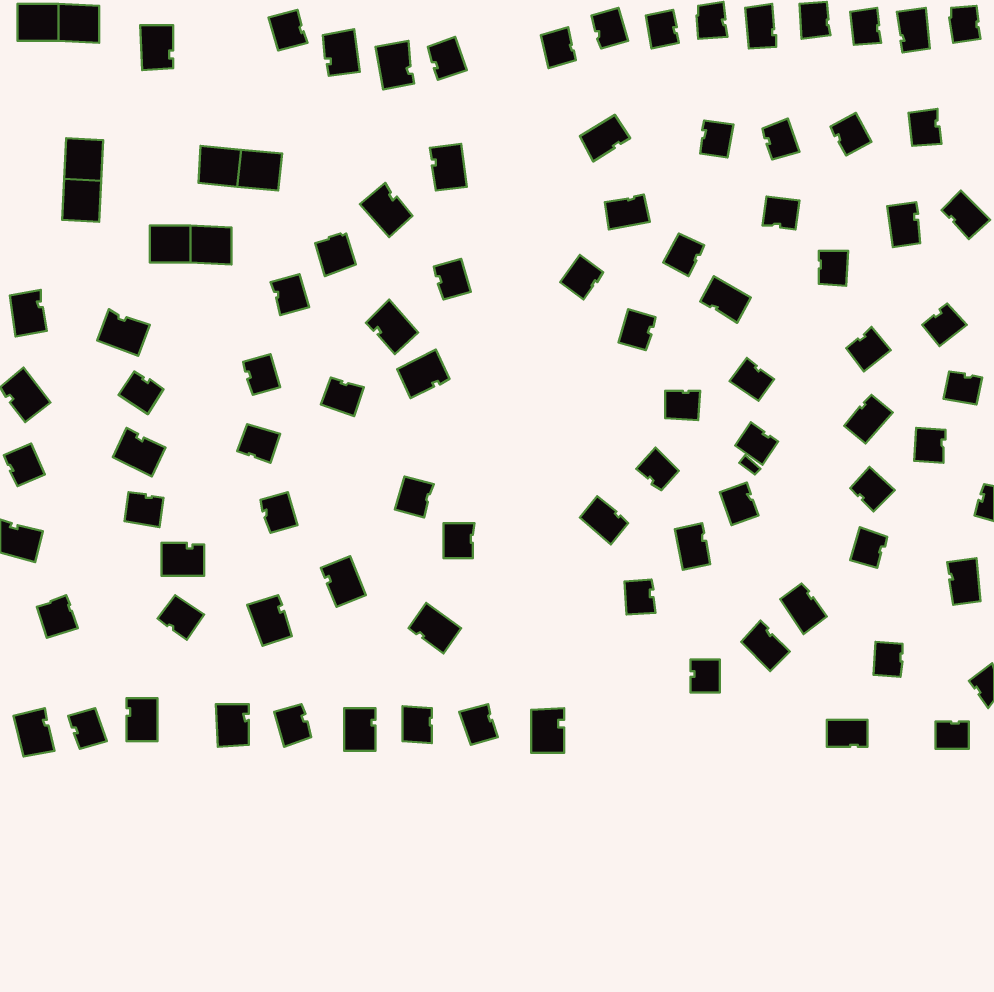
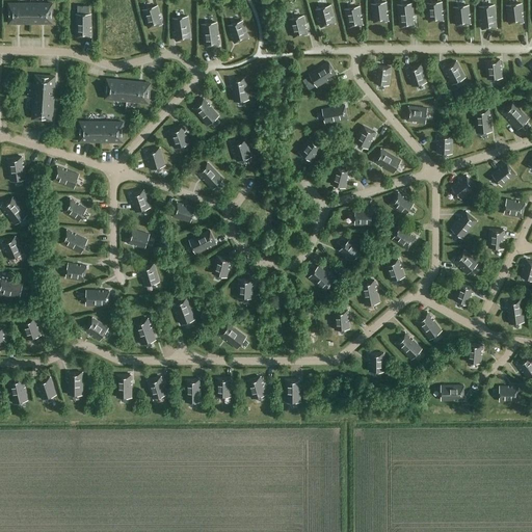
building: [397,350,450,398] -> [188,229,216,255]

